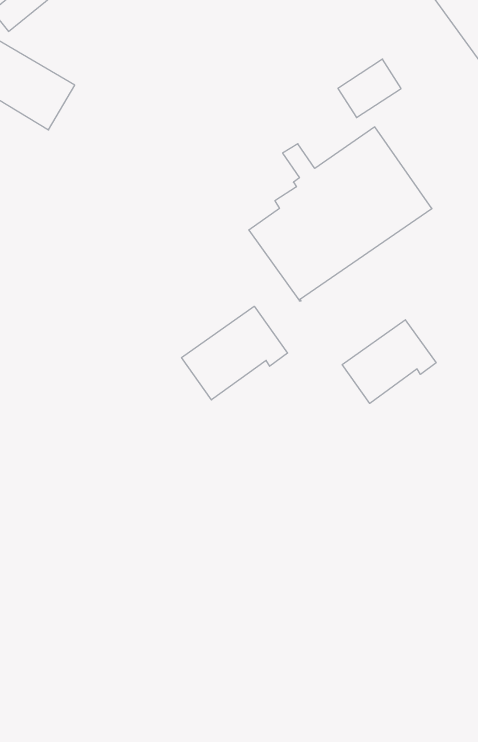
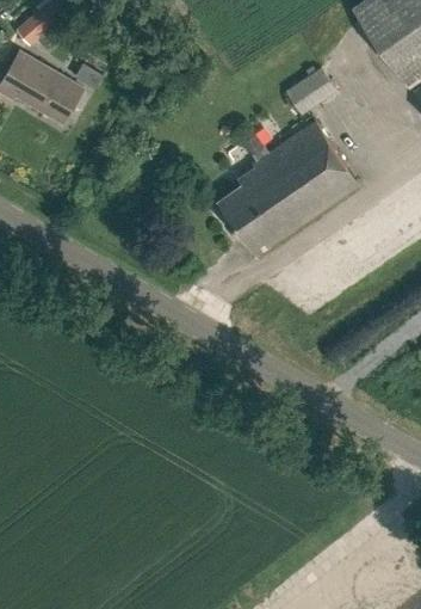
building: [182,306,288,400] -> none
building: [342,320,436,403] -> none

